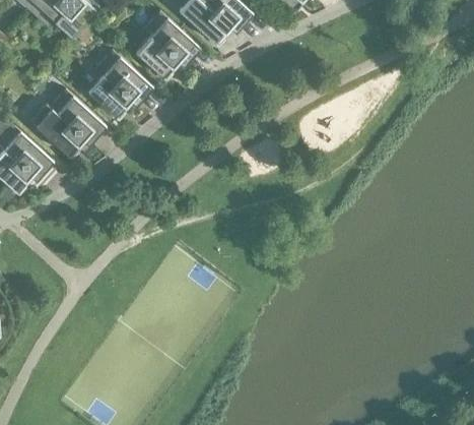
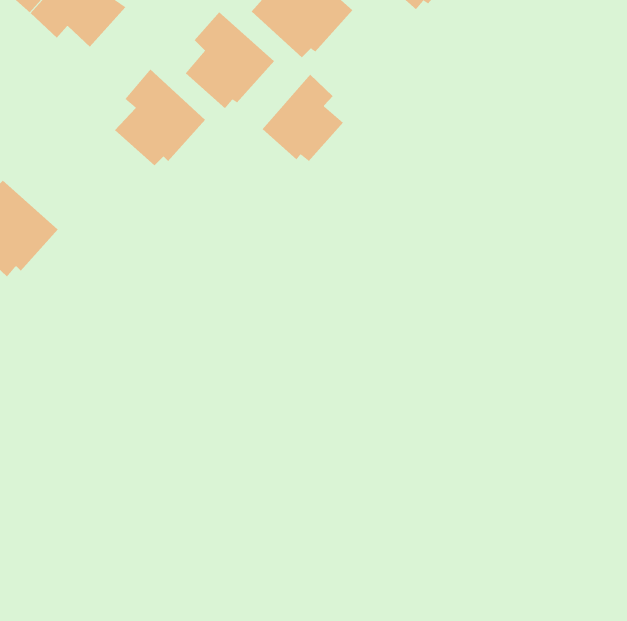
building: none -> [262,74,344,162]
building: [29,89,103,156] -> none

